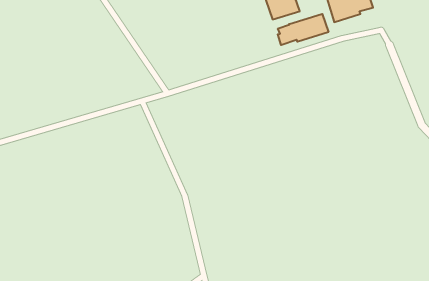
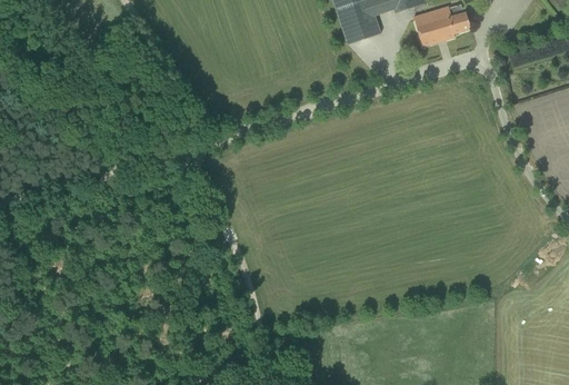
building: [278,14,328,45] -> none

